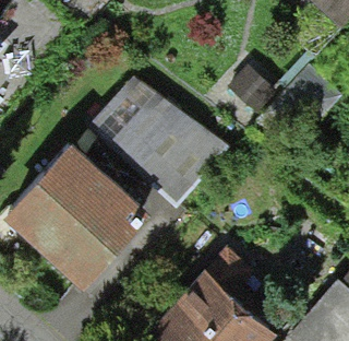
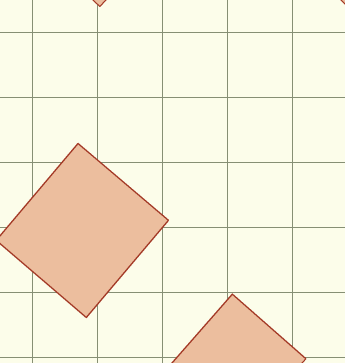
building: [109,90,233,207] -> none

